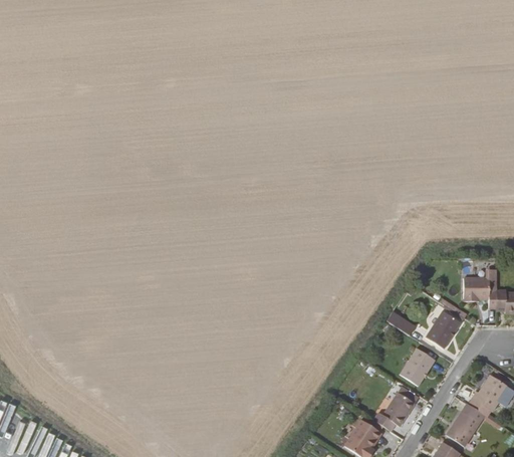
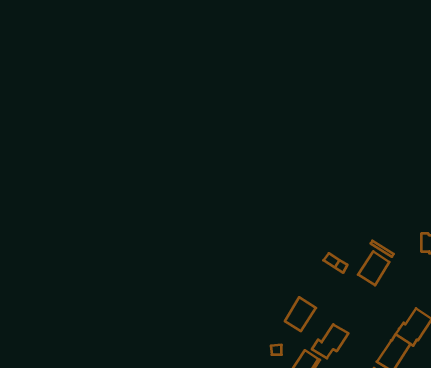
building: [464,268,497,307] -> none
building: [401,347,436,385] -> [285,297,316,331]

